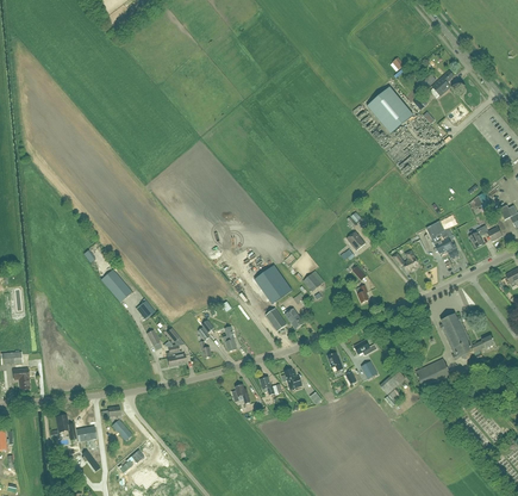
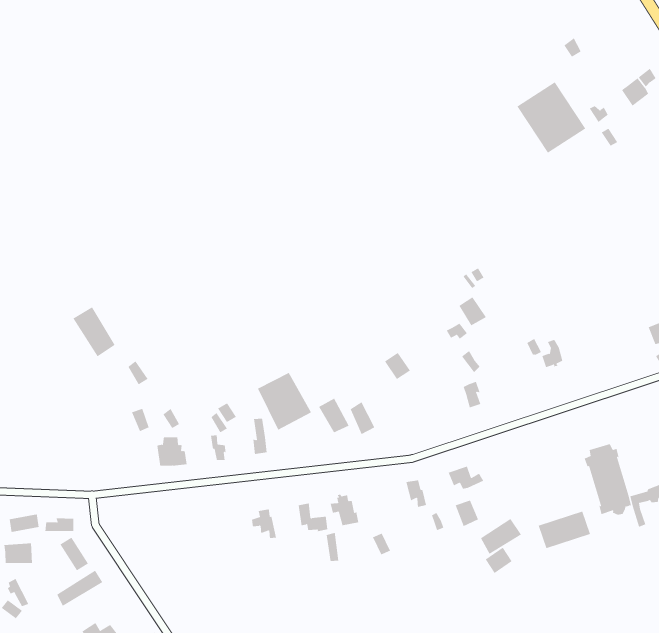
building: [426,221,456,254] -> none
building: [255,266,292,304] -> [257,372,312,430]

